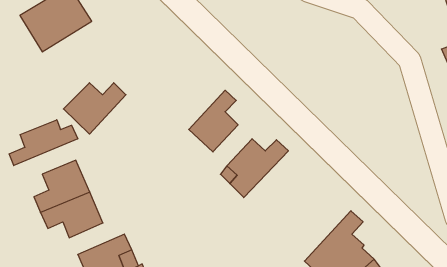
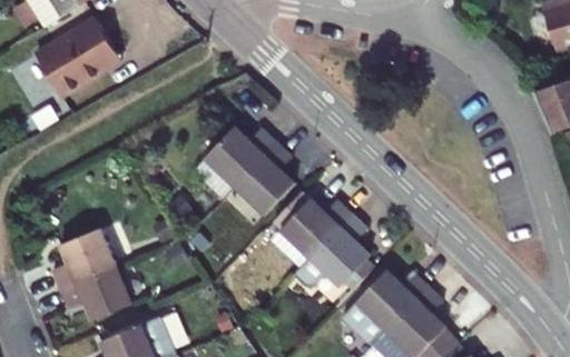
building: [63,83,126,134] -> [204,128,278,189]
building: [9,120,78,166] -> none
building: none -> [293,215,374,291]
building: none -> [343,272,429,346]

